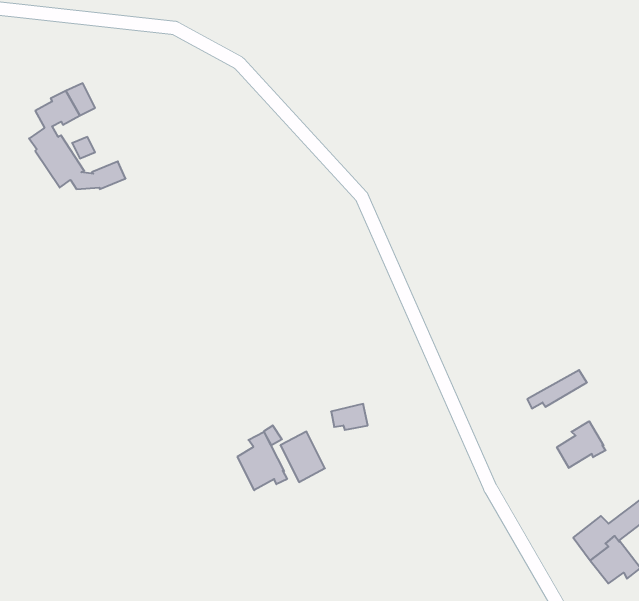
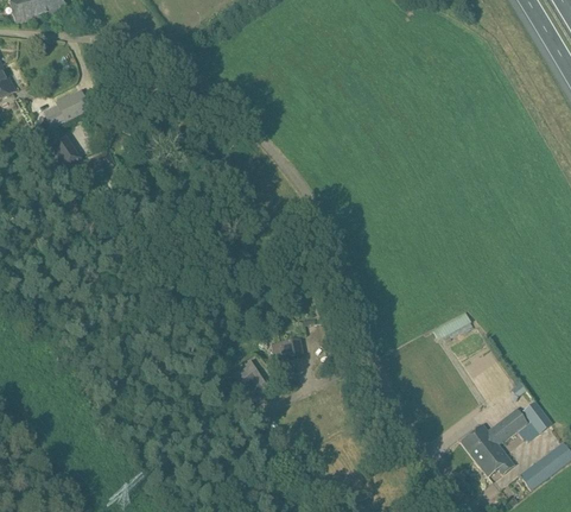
building: [557,421,606,468] -> none
building: [238,432,287,490] -> none

